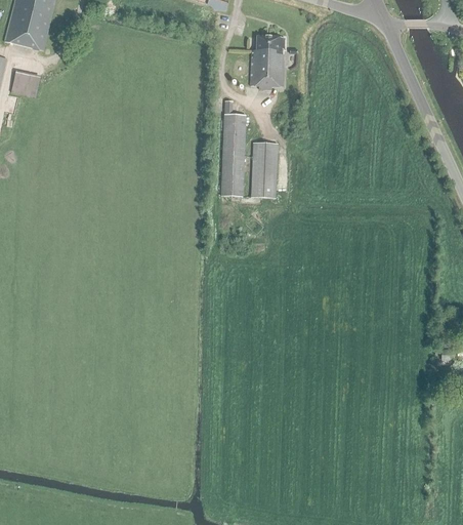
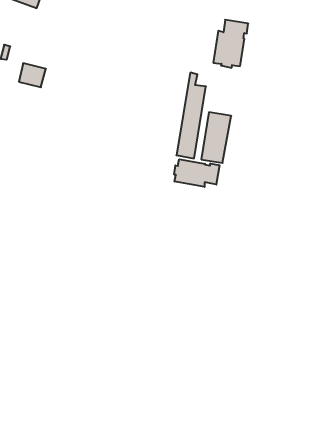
building: [13,72,42,96] -> [19,63,46,87]
building: none -> [174,159,220,187]

